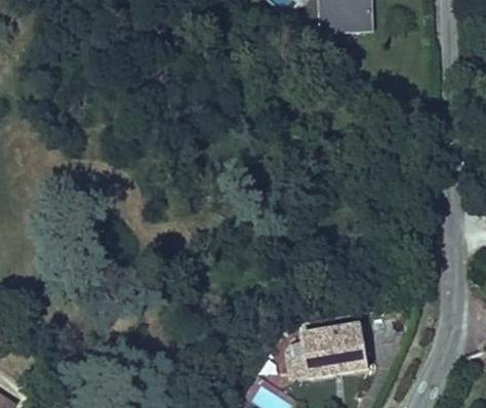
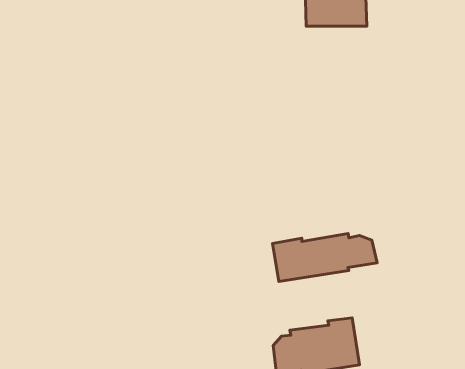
building: none -> [272,233,377,282]

